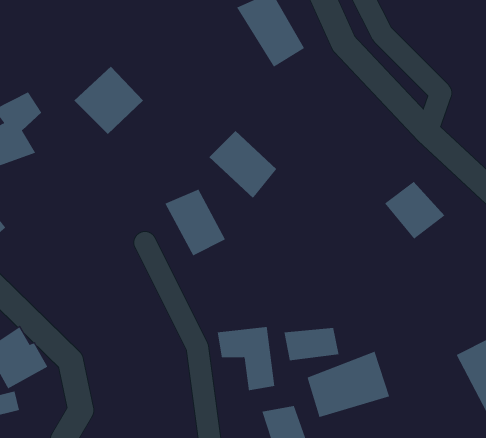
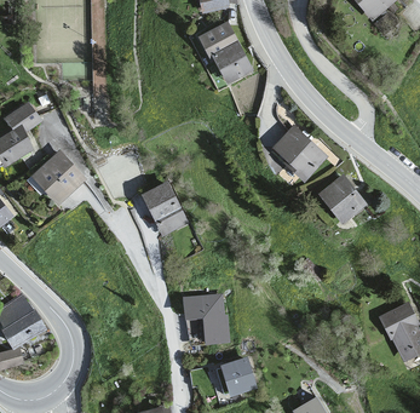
building: [74,66,144,135] -> [29,151,86,207]
building: [209,130,277,199] -> [270,126,326,182]
building: [284,327,339,361] -> none
building: [307,351,390,418] -> none

